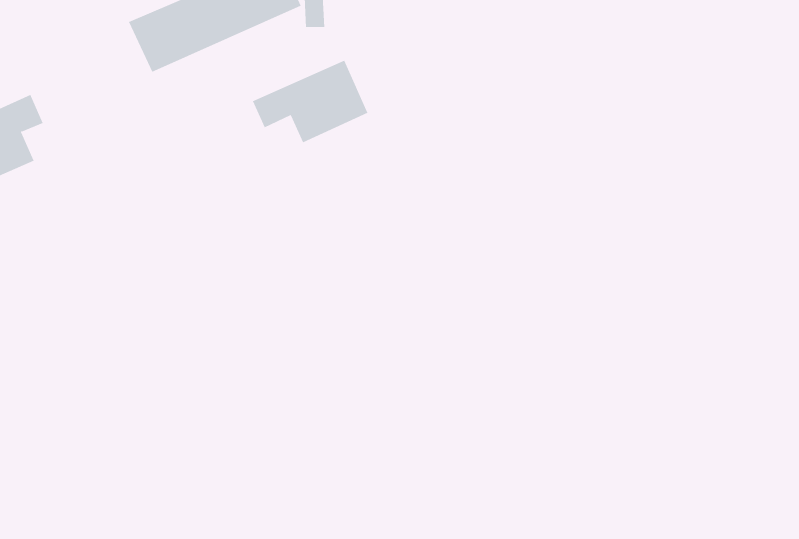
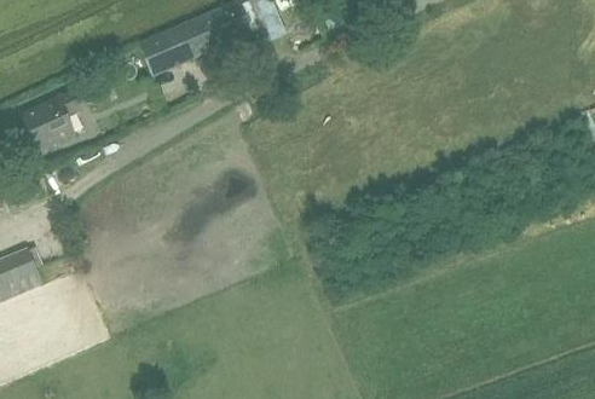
building: [252,60,368,143] -> none

